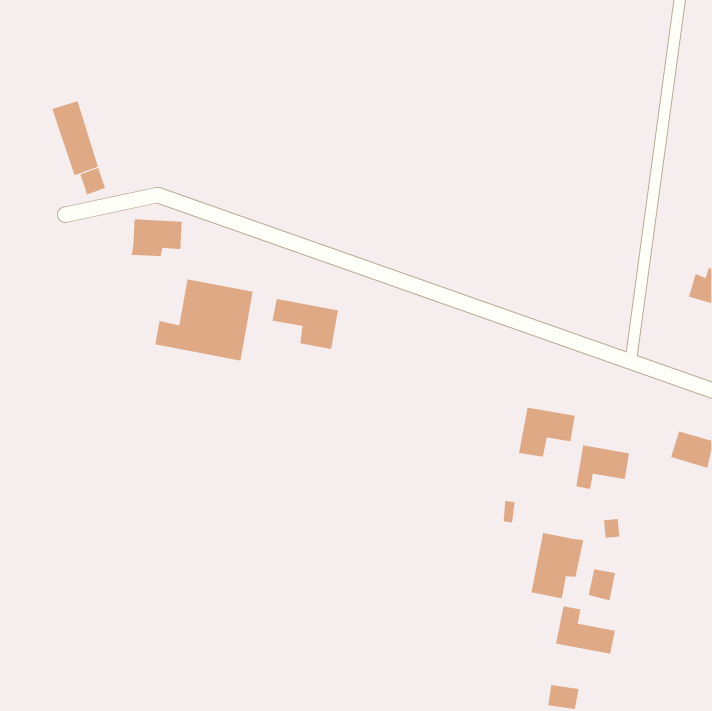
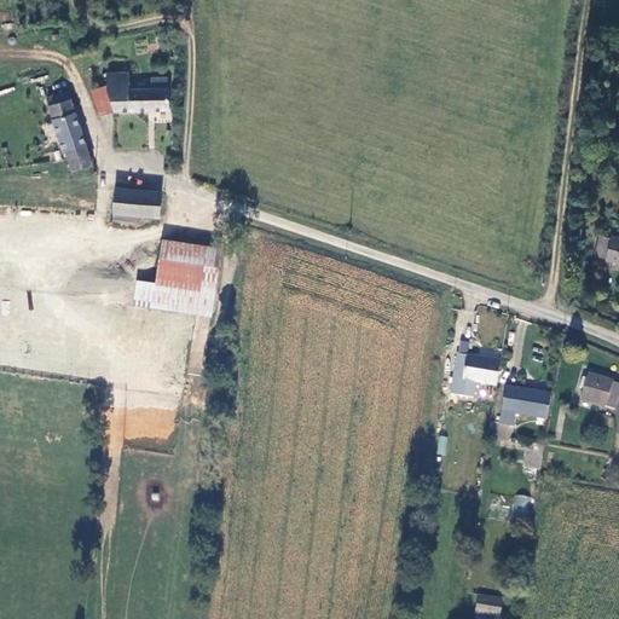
building: none -> [105,74,169,111]
building: [272,298,338,350] -> none
building: [531,532,584,599] -> none
building: [555,605,615,655] -> none

